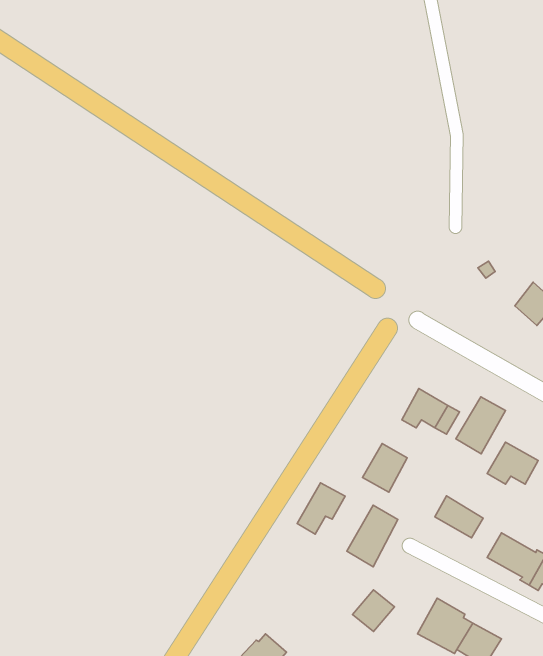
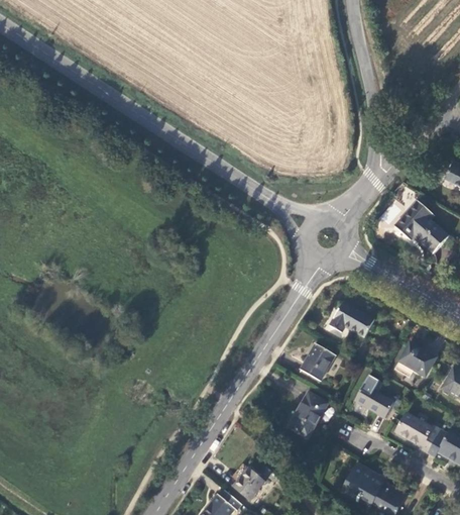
building: none -> [394,199,432,237]
building: [456,397,506,454] -> none
building: [297,483,345,534] -> none
building: [352,590,394,632] -> [233,468,265,500]

